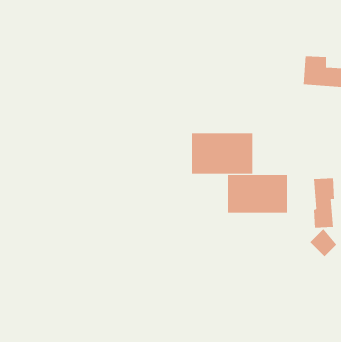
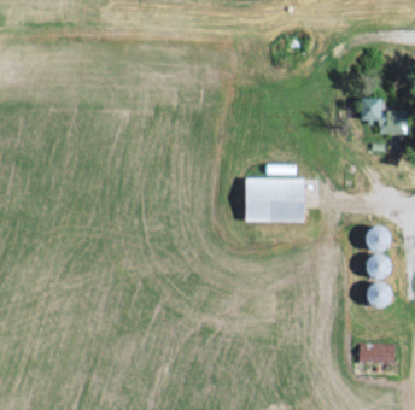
building: [227,174,288,214] -> none
building: none -> [358,342,394,364]

